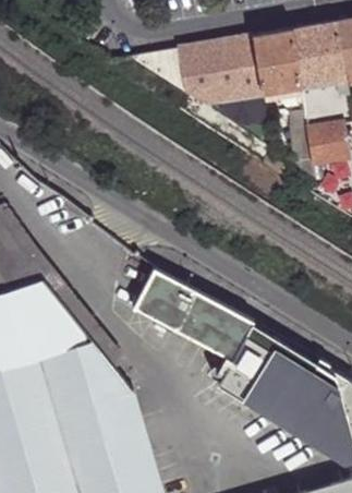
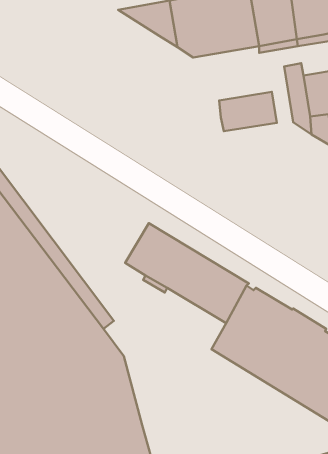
building: none -> [219,92,277,131]

